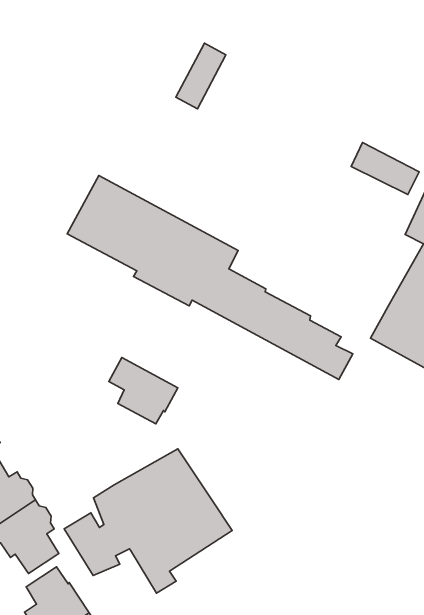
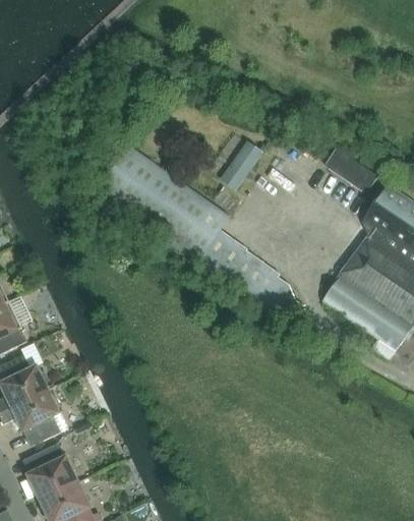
building: [176,43,226,109] -> [220,140,262,190]
building: [109,358,178,424] -> none
building: [64,449,232,593] -> none

